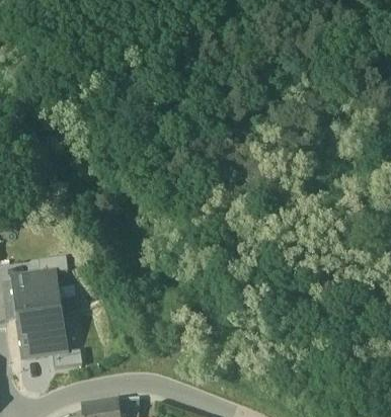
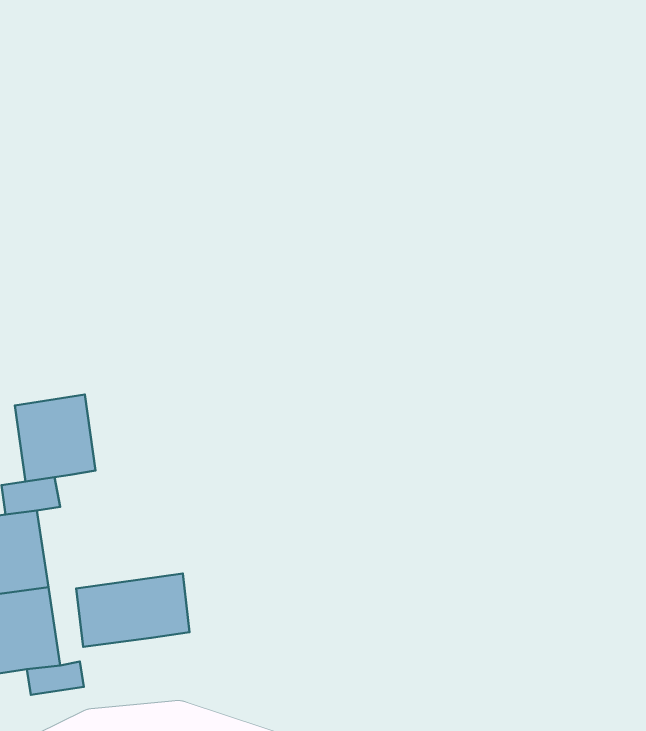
building: none -> [15,395,96,482]
building: none -> [76,574,190,647]

